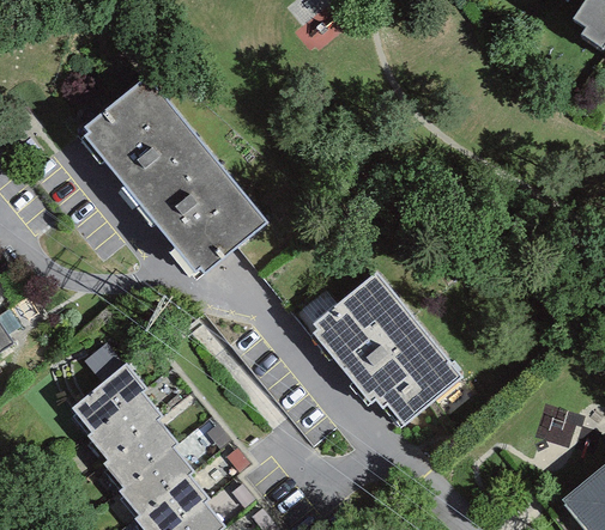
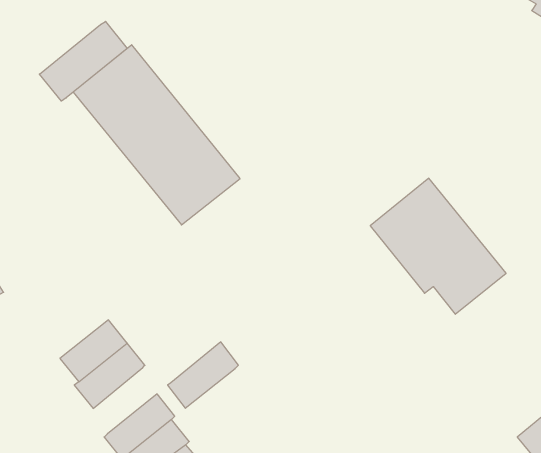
building: none -> [39,21,127,101]
building: [313,274,460,421] -> [370,178,506,314]
building: [102,425,179,497] -> [168,342,238,408]

